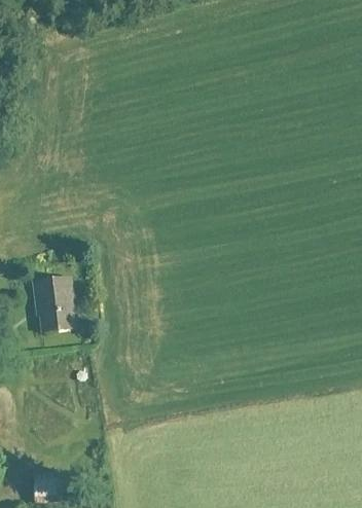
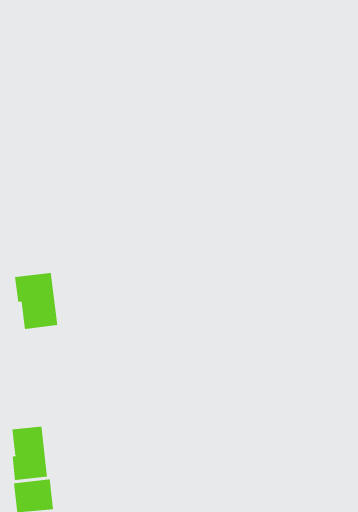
building: none -> [12,426,47,481]

